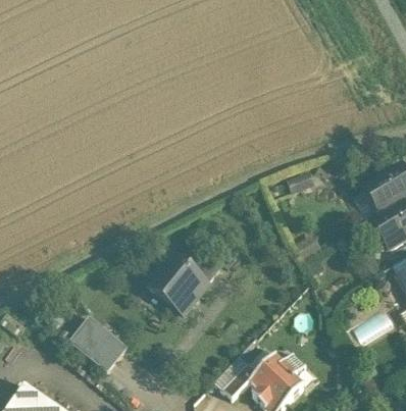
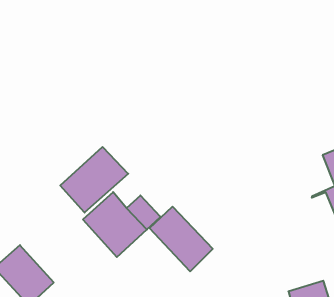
building: none -> [60,147,128,213]
building: none -> [150,207,213,271]

